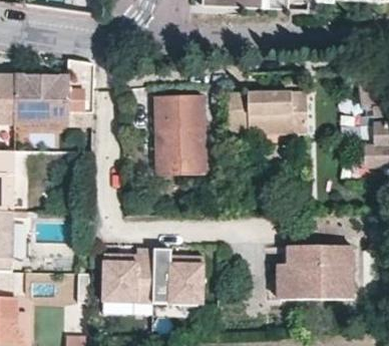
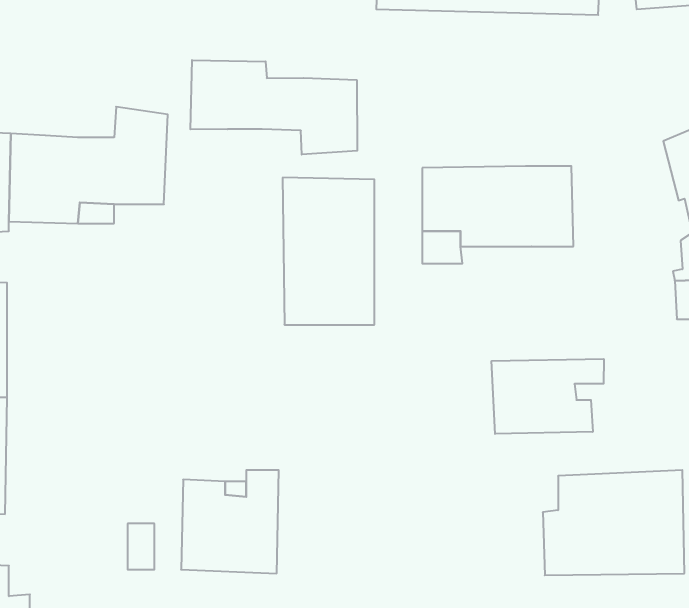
building: none -> [190,60,357,155]
building: none -> [492,359,604,434]
building: [152,248,204,304] -> none

